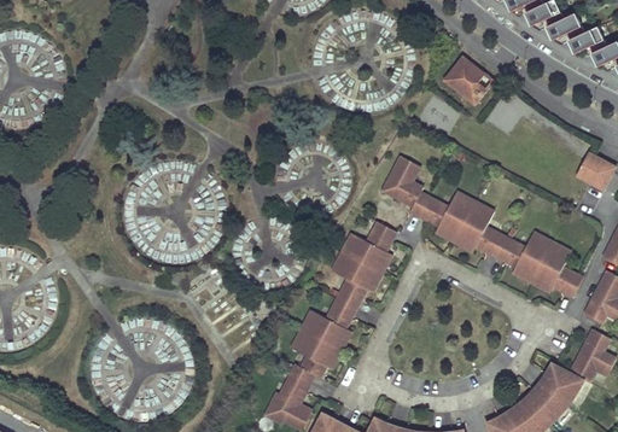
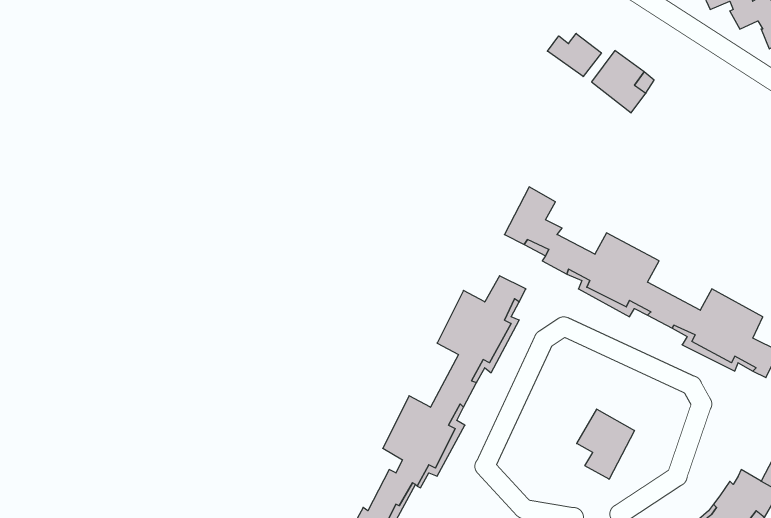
building: none -> [547,33,601,77]
building: none -> [577,409,634,479]

